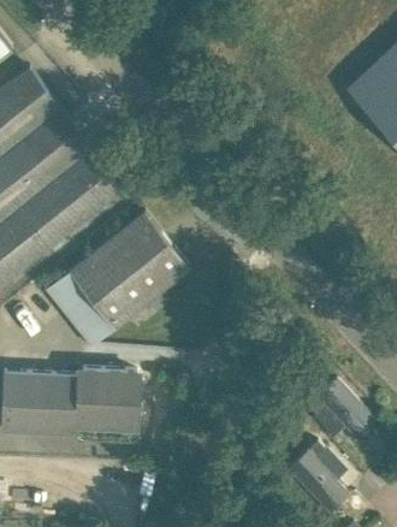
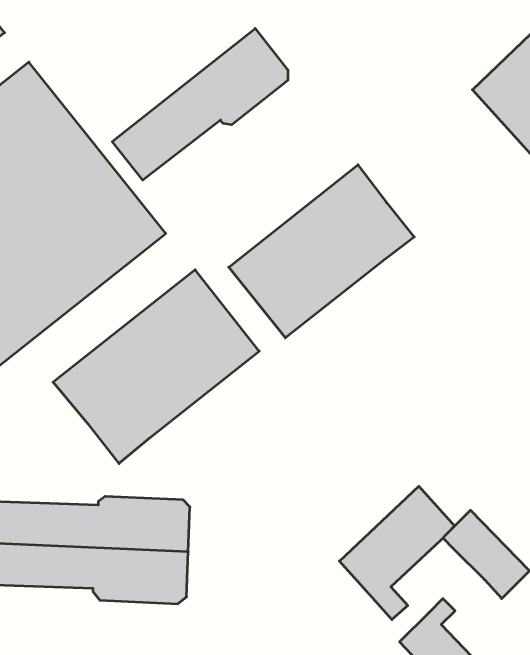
building: none -> [112,28,288,180]
building: none -> [229,165,414,338]
building: none -> [339,486,454,620]

